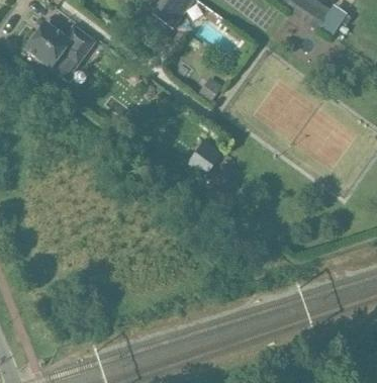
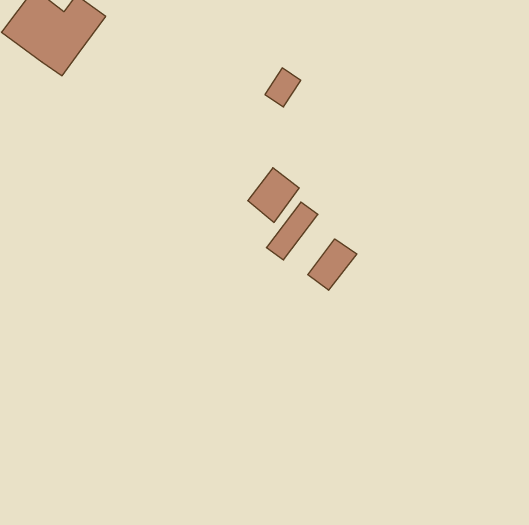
building: none -> [308,239,357,290]

